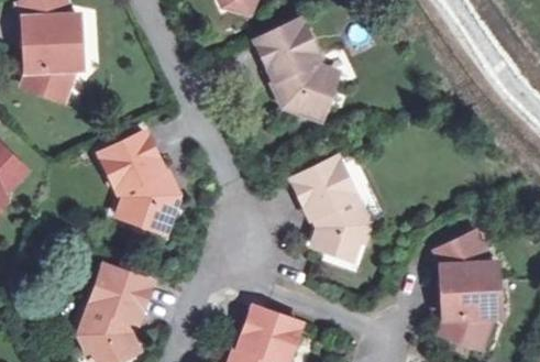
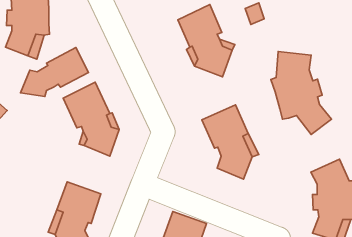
building: none -> [20,47,88,96]
building: none -> [271,52,331,135]

